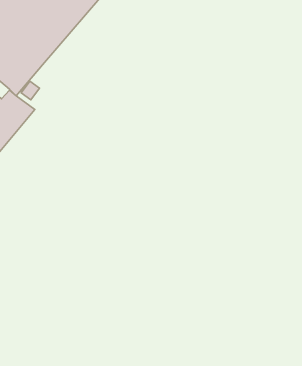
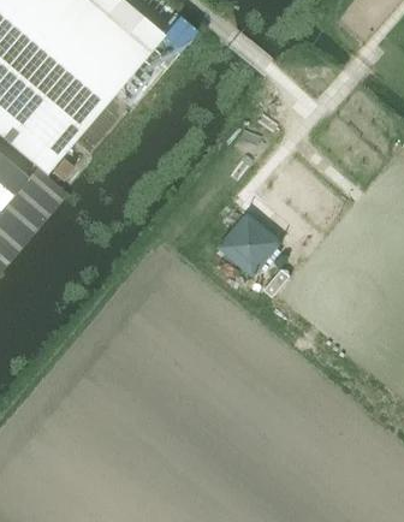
building: none -> [219,209,284,274]

